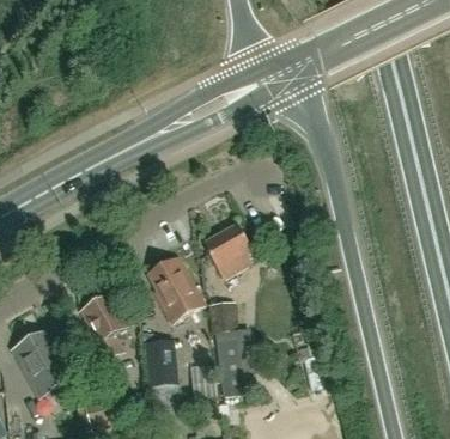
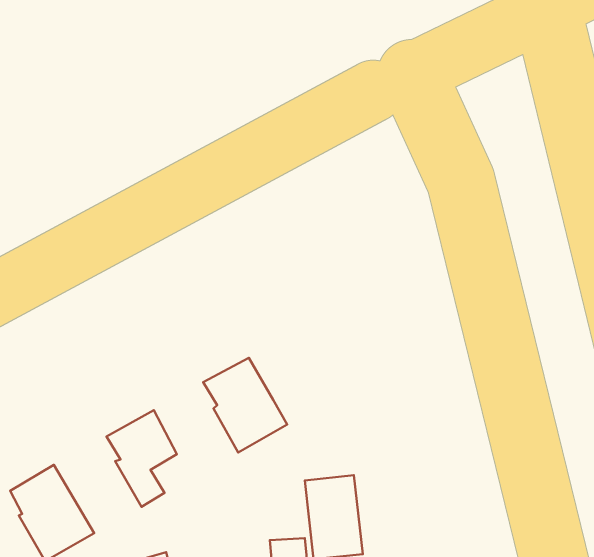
building: [201,224,251,278] -> none
building: [206,300,237,333] -> none
building: [144,339,176,386] -> none

